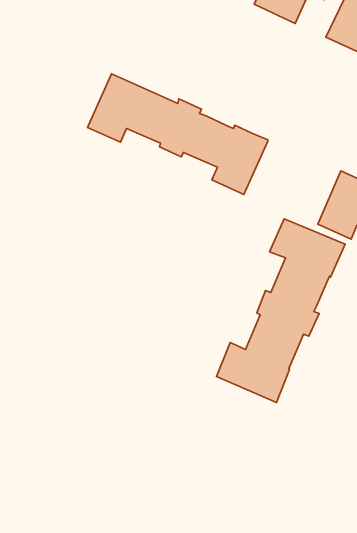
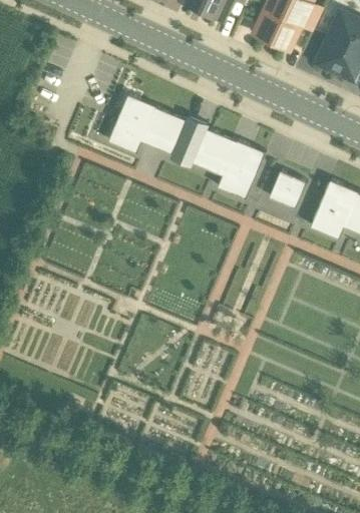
building: none -> [268,169,306,208]
building: [216,219,345,403] -> none

